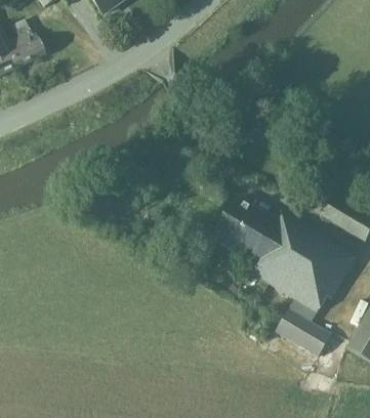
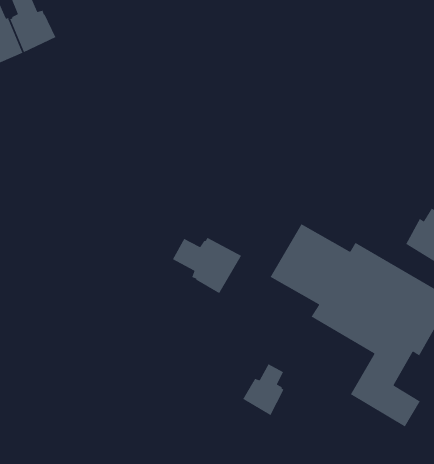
building: none -> [172,237,242,294]
building: none -> [242,363,285,416]

